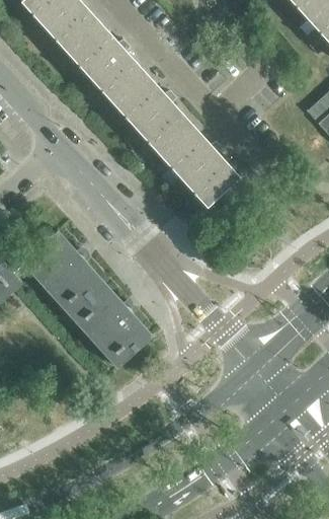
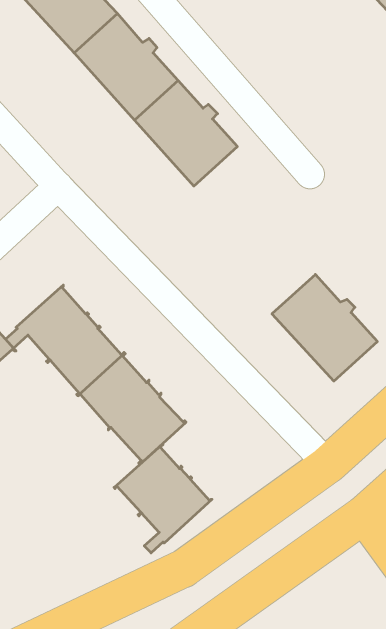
building: [158,124,239,206] -> [272,274,377,381]
building: none -> [114,445,212,553]

